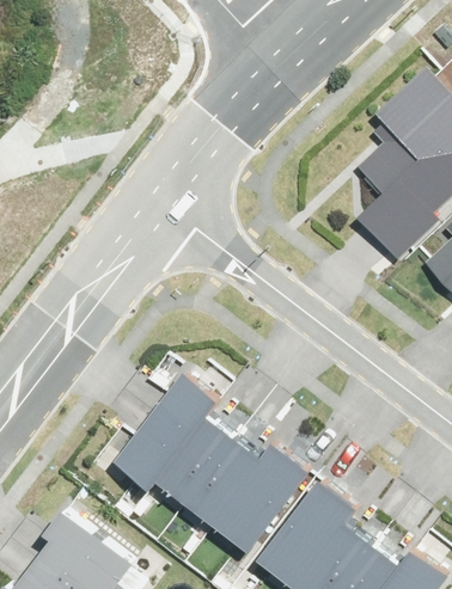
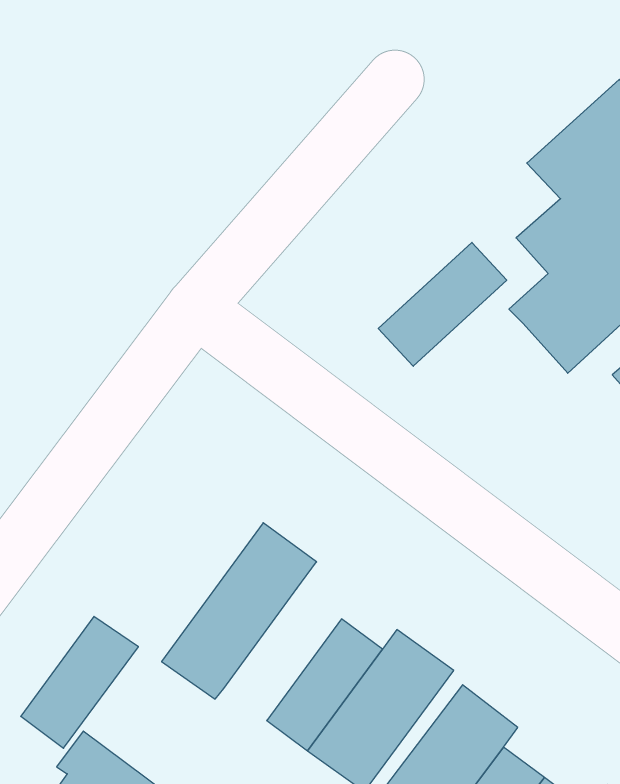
building: none -> [378,242,507,366]
building: [160,411,239,499] -> [21,616,138,748]

